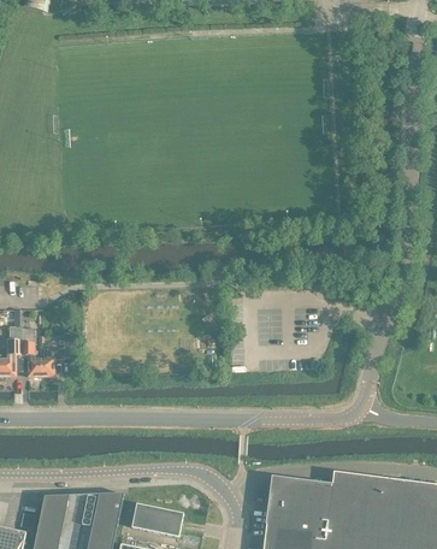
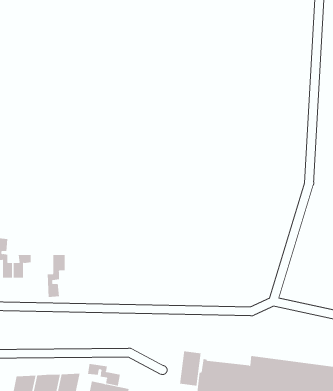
building: none -> [47,254,65,298]
building: none -> [179,351,201,386]
building: none -> [88,363,121,386]

